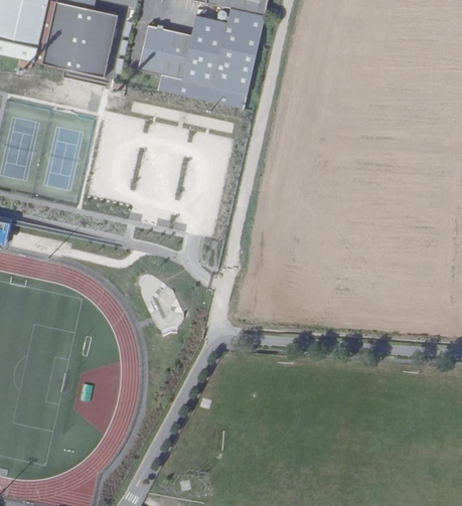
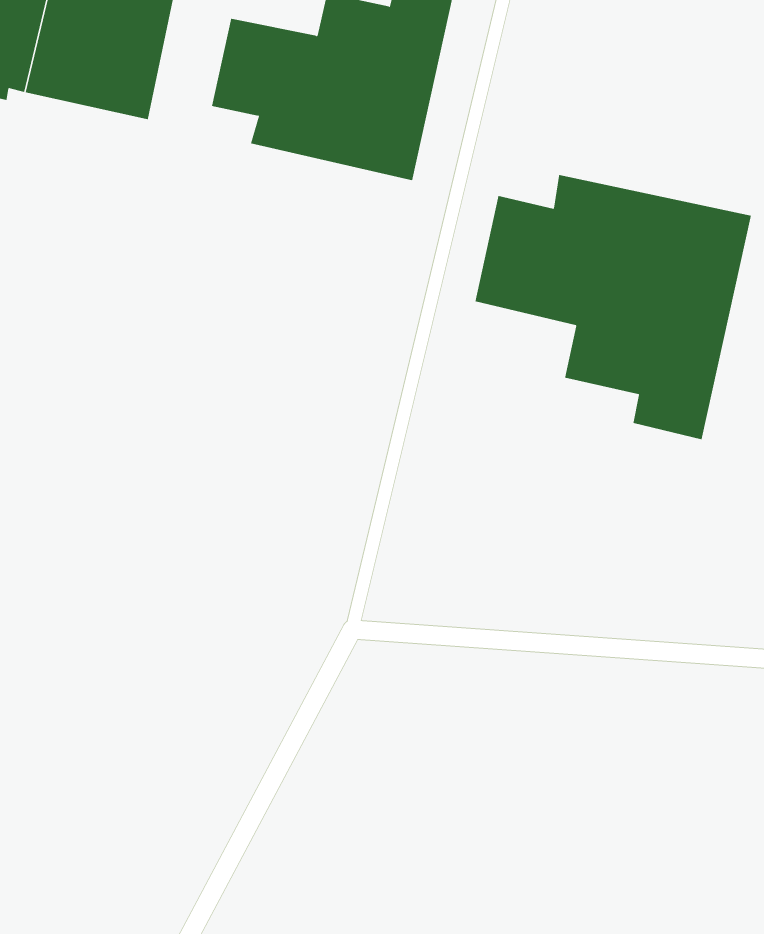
building: none -> [475,174,751,440]

